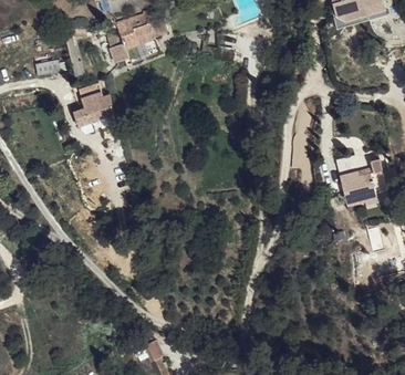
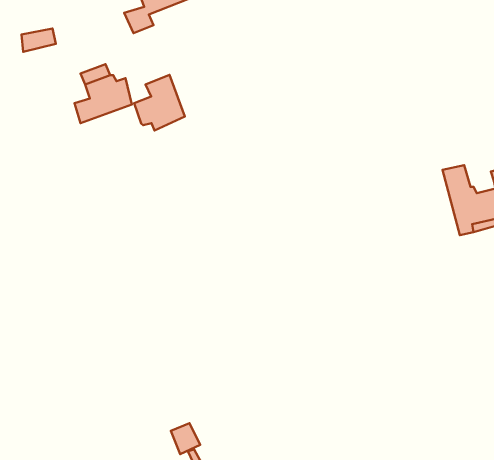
building: none -> [134,75,185,130]

